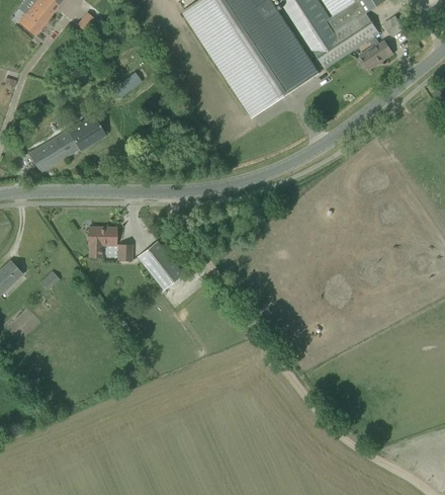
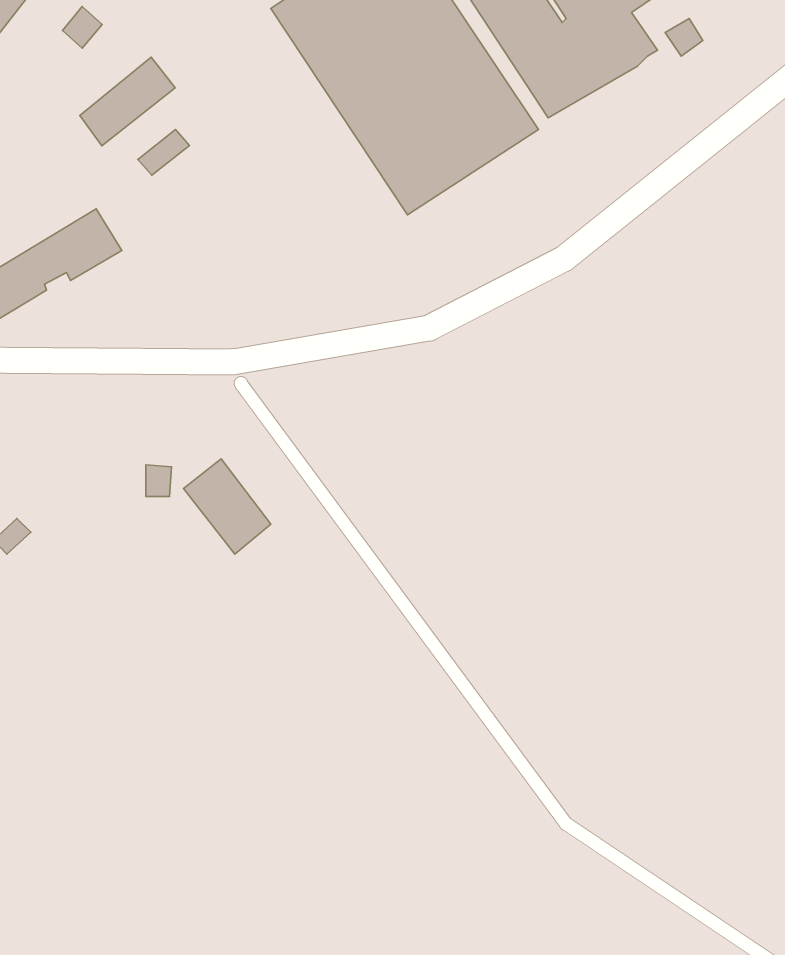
building: [360,35,392,69] -> none
building: none -> [80,57,175,146]
building: [88,227,117,257] -> none

